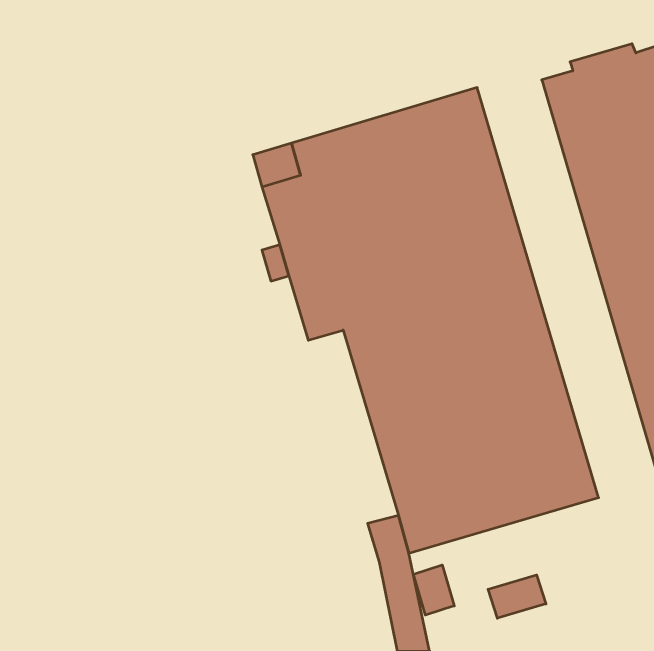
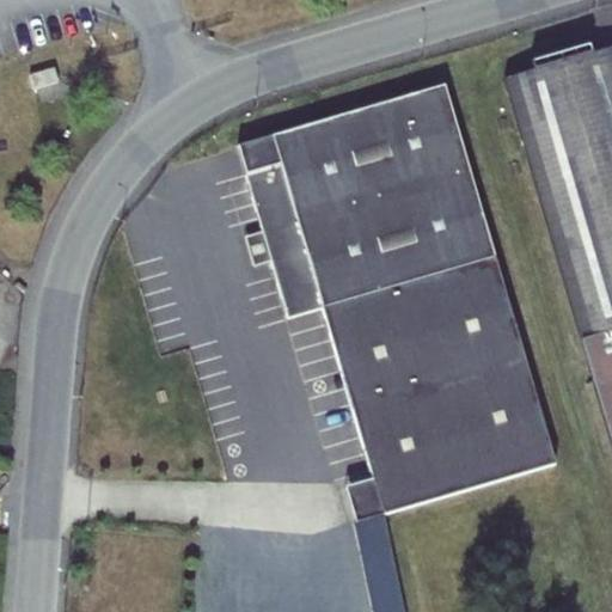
building: [413,565,454,615] -> none
building: [488,575,546,618] -> none

